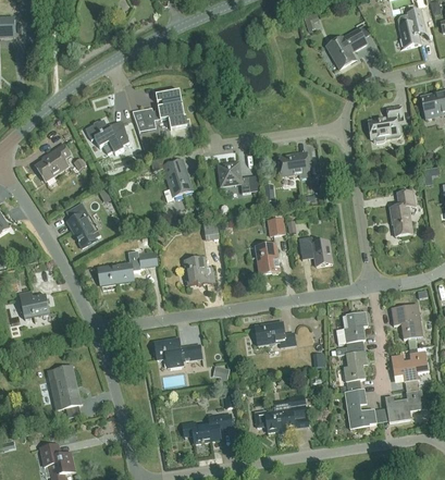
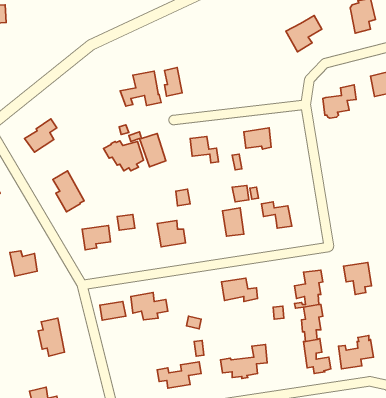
building: none -> [165,68,182,96]
building: [85,119,129,152] -> [103,141,143,171]
building: [390,188,416,235] -> none
building: none -> [100,301,126,320]
building: [393,347,429,386] -> none

